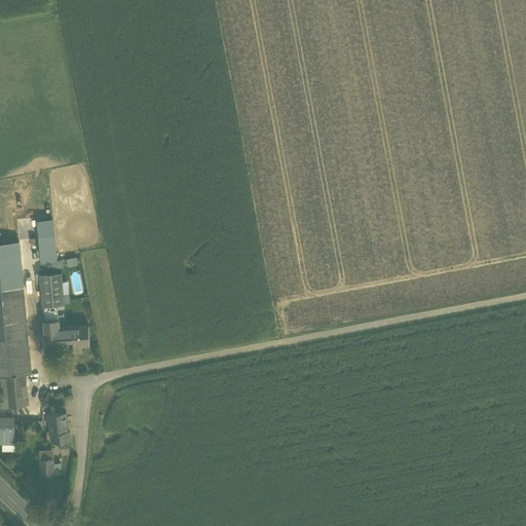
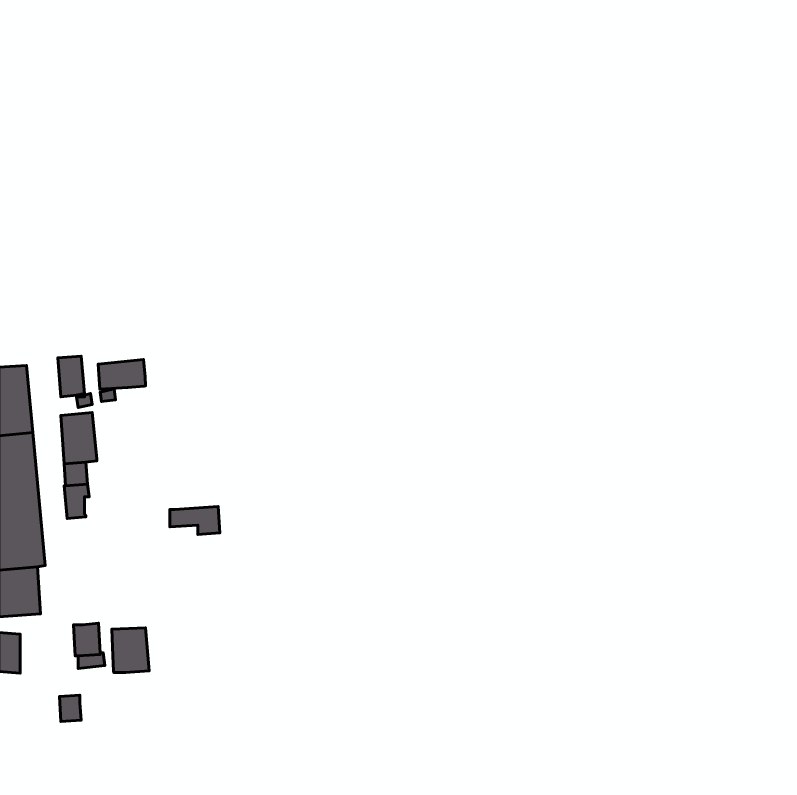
building: none -> [98,360,146,389]
building: [55,327,88,345] -> [170,506,220,535]
building: none -> [112,628,149,673]

